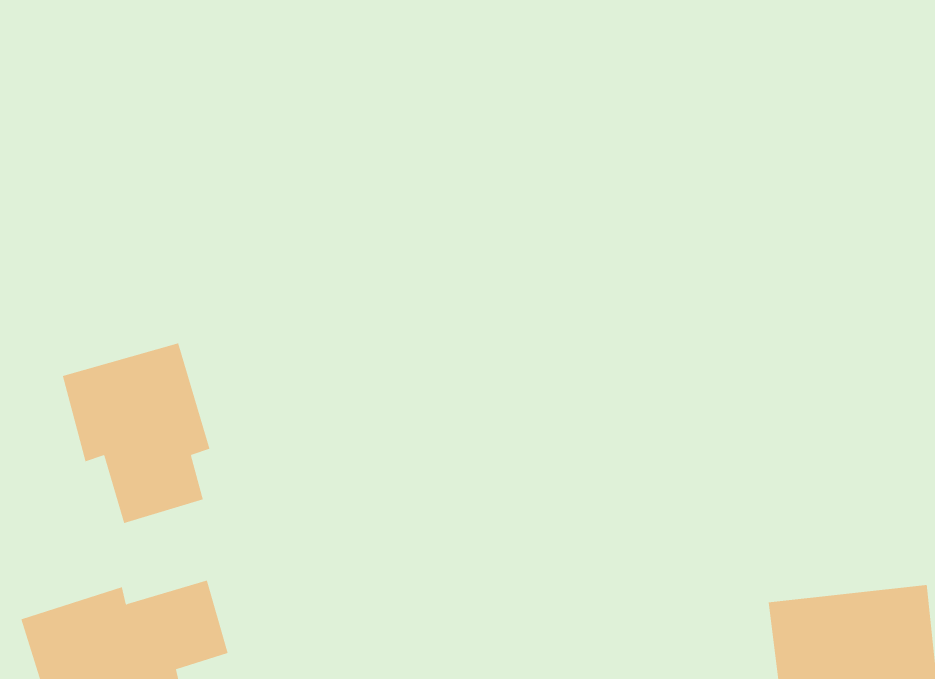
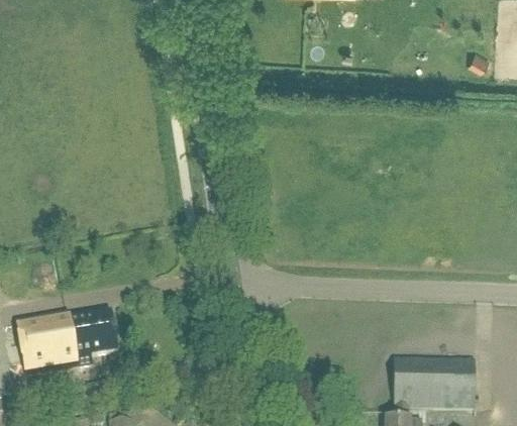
building: [62,342,210,524] -> none

